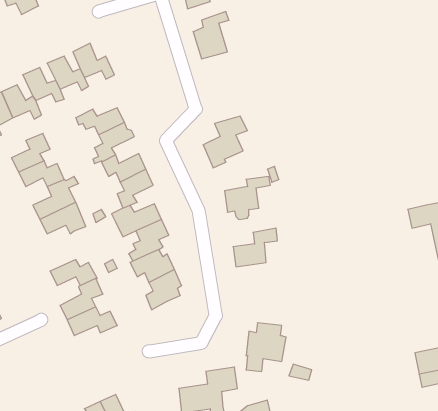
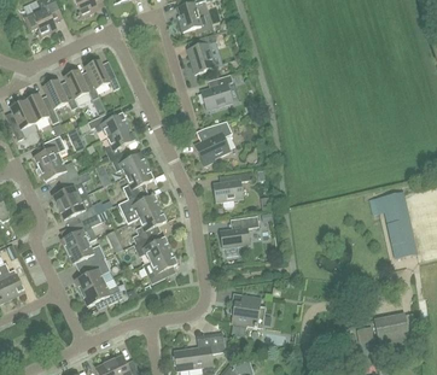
building: none -> [200,74,232,109]
building: none -> [60,213,99,251]

